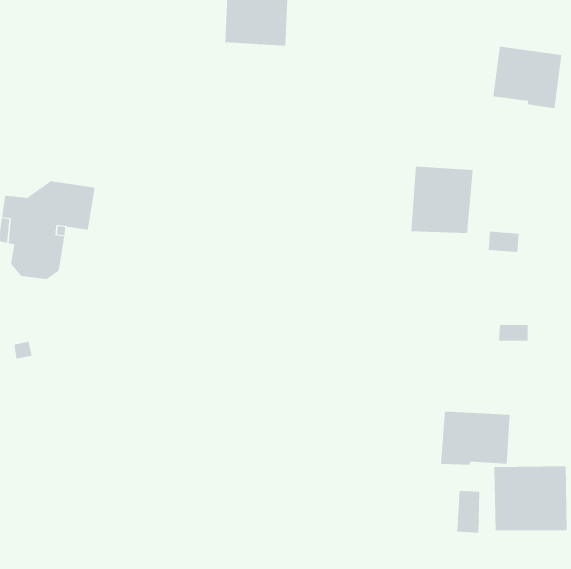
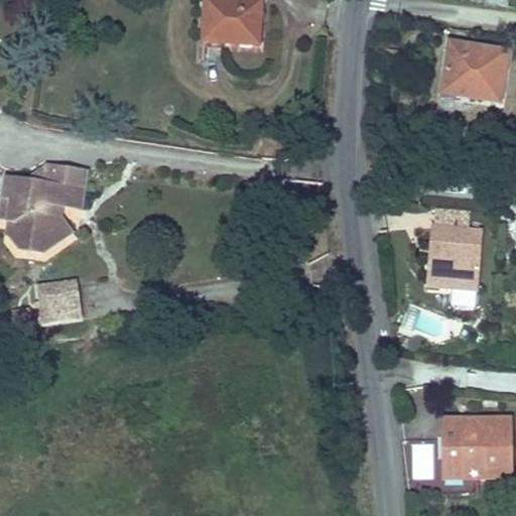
building: [411,166,473,234] -> [429,227,486,287]
building: none -> [34,280,78,322]
building: [441,411,510,466] -> none

